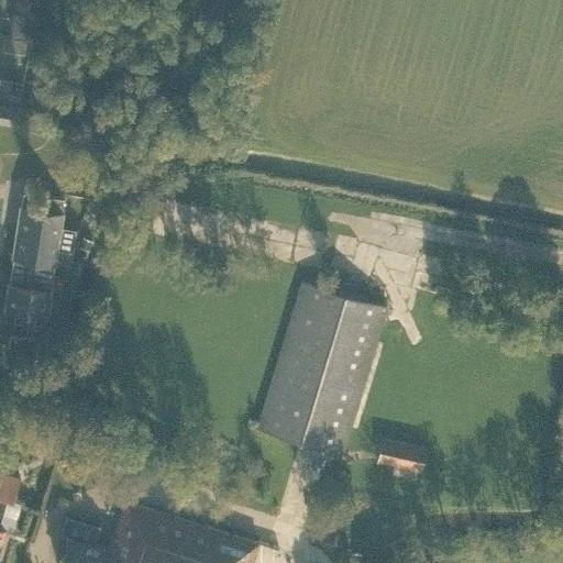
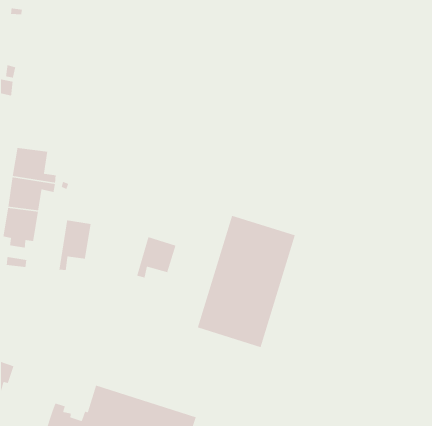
building: none -> [59,219,92,271]
building: none -> [136,236,177,279]
building: [376,445,424,477] -> none

